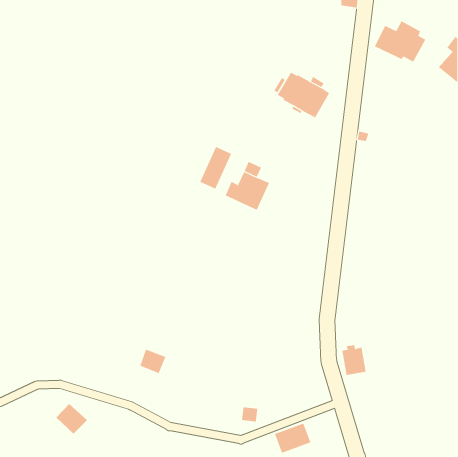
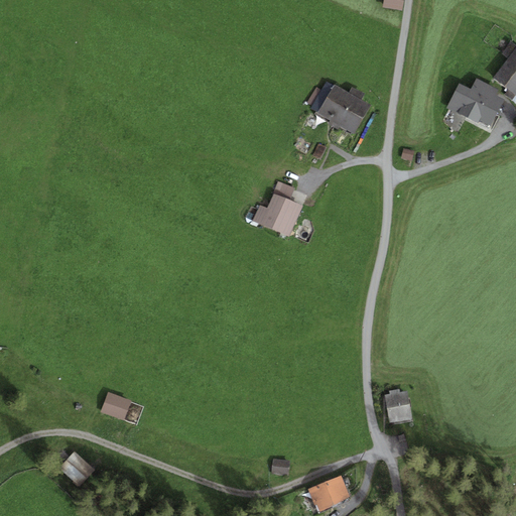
building: [374,21,426,63] -> [446,78,505,125]
building: [199,146,232,190] -> none
building: [139,349,166,374] -> [99,393,129,421]

